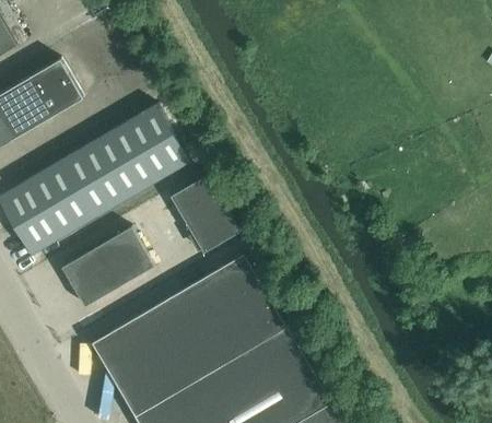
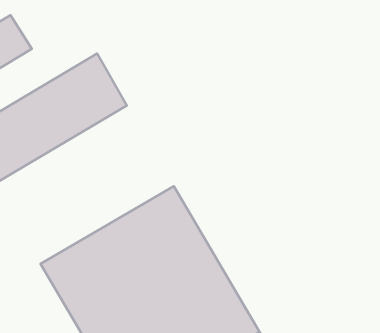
building: [169,176,241,254] -> none
building: [61,228,153,308] -> none

